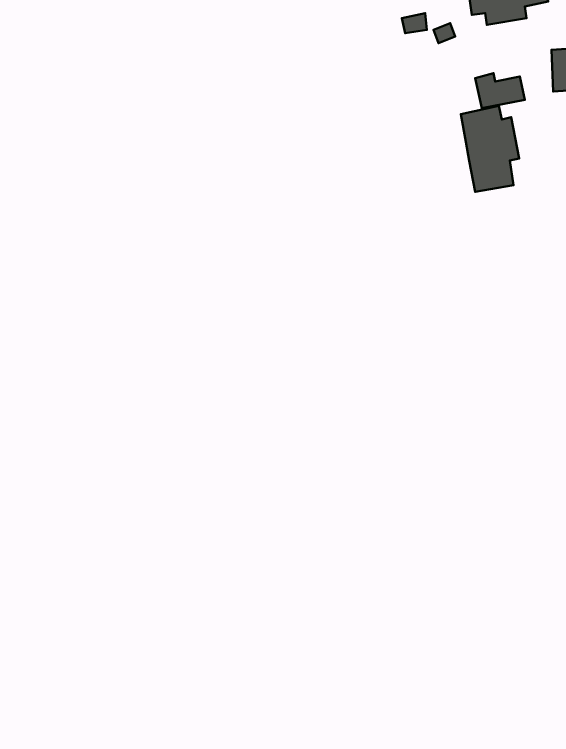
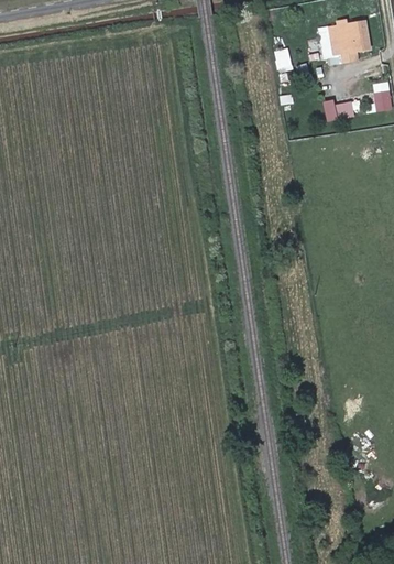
building: [461,106,519,192] -> none

